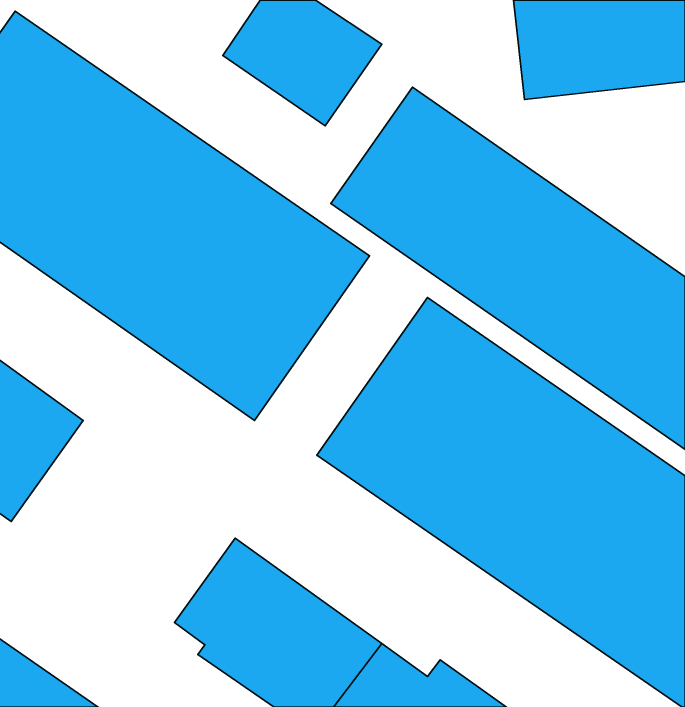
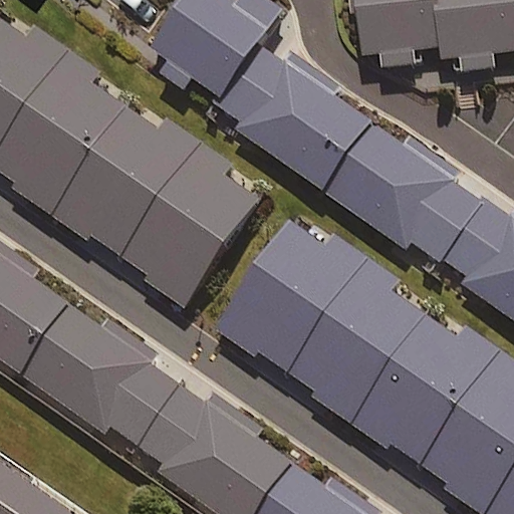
building: none -> [8,305,171,452]

